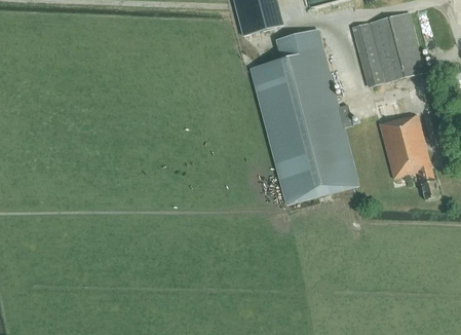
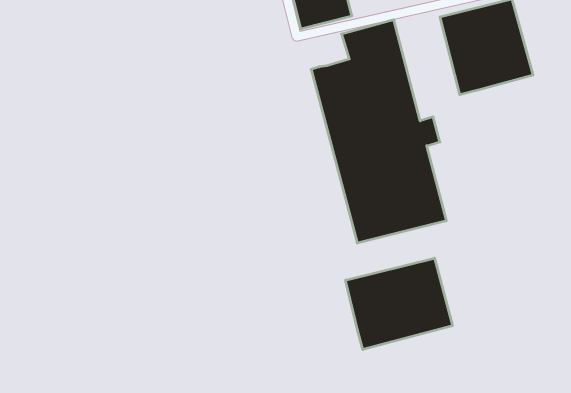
building: [374,98,438,198] -> none
building: none -> [346,258,452,350]

